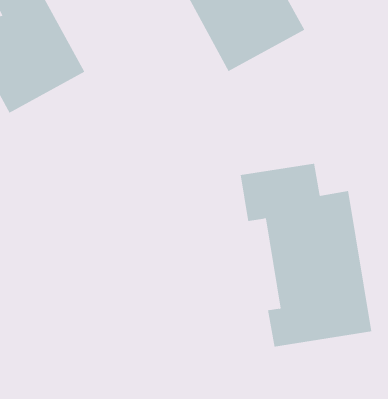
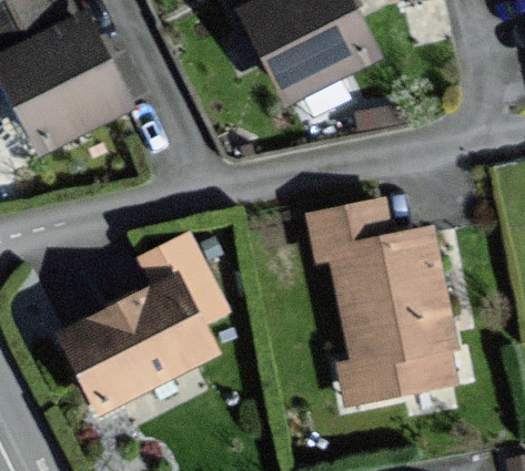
building: none -> [62,236,222,410]

